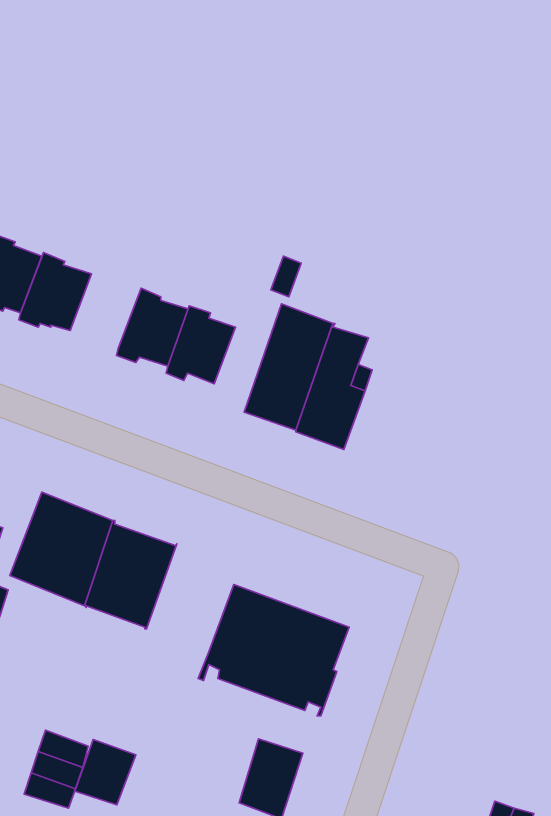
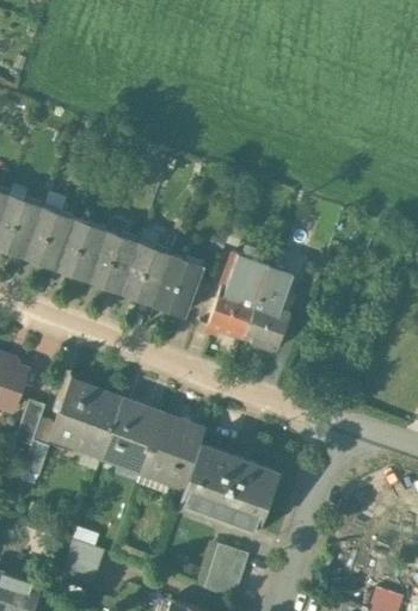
building: none -> [90,232,137,284]
building: none -> [142,415,205,488]
building: [75,739,136,805] -> none

